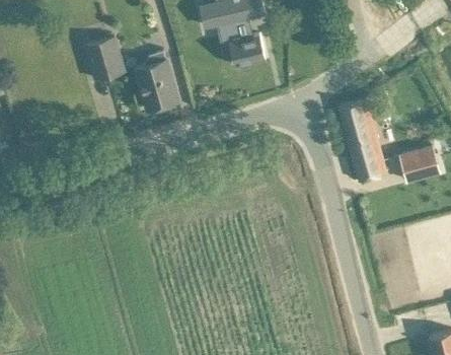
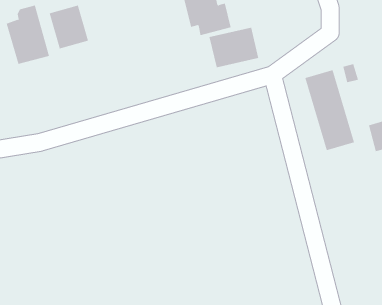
building: [134,50,177,109] -> [6,5,50,64]
building: none -> [209,27,259,68]

